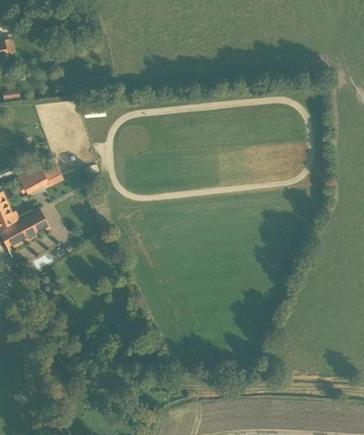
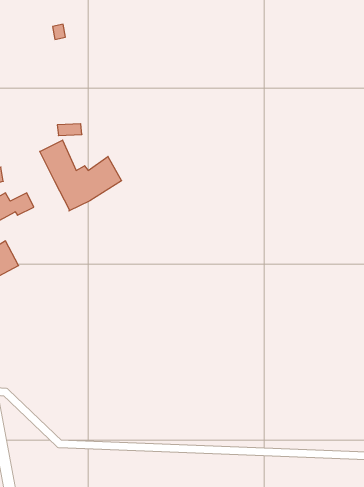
building: none -> [40,140,122,211]

